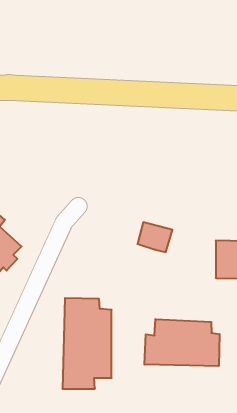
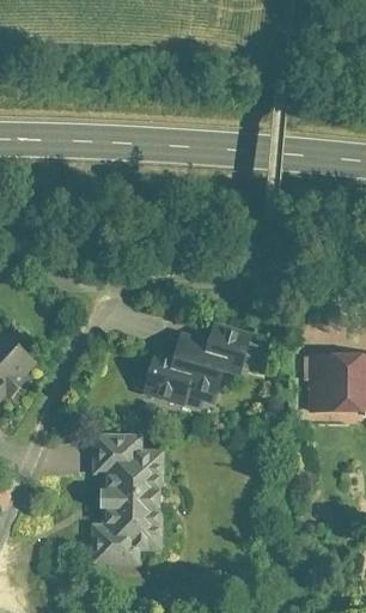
building: none -> [145,350,225,402]
building: [144,319,220,366] -> none

